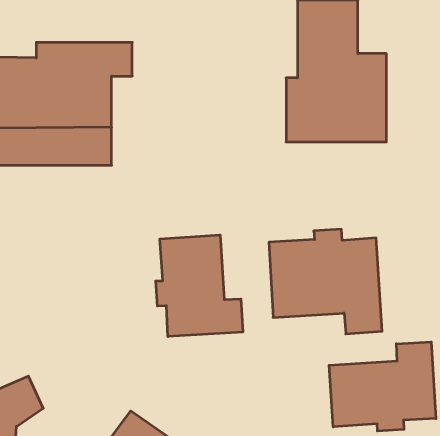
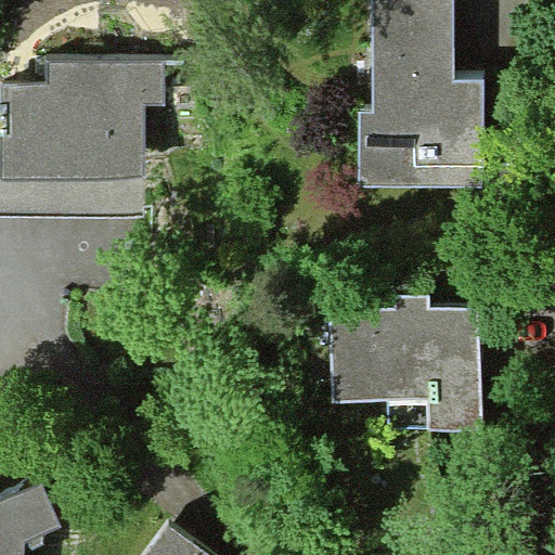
building: [156,235,243,337] -> none
building: [329,342,436,431] -> none

